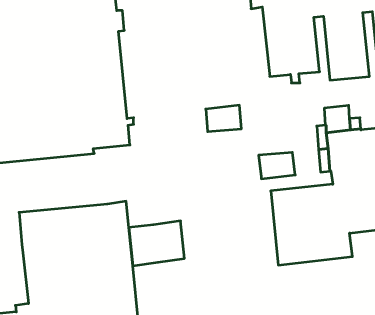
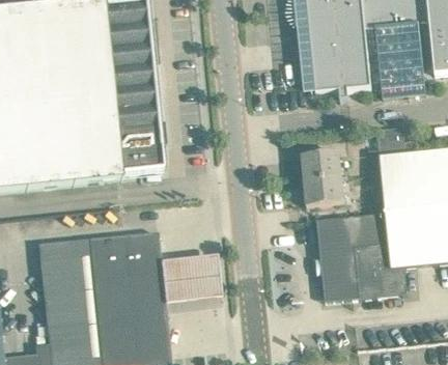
building: [206,105,241,132] -> [302,150,341,179]

